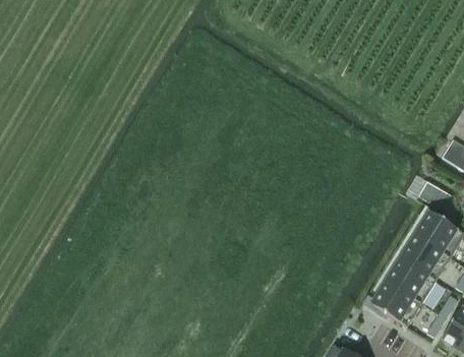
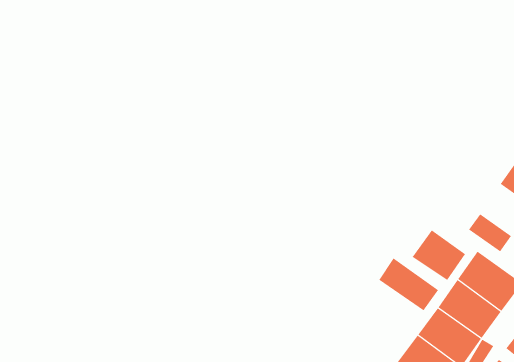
building: none -> [412,229,466,281]
building: none -> [378,258,439,311]

